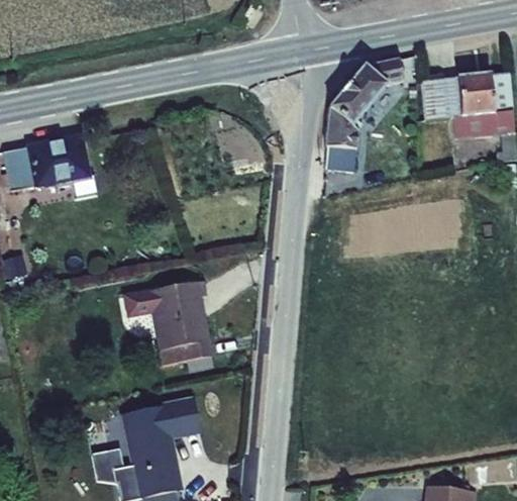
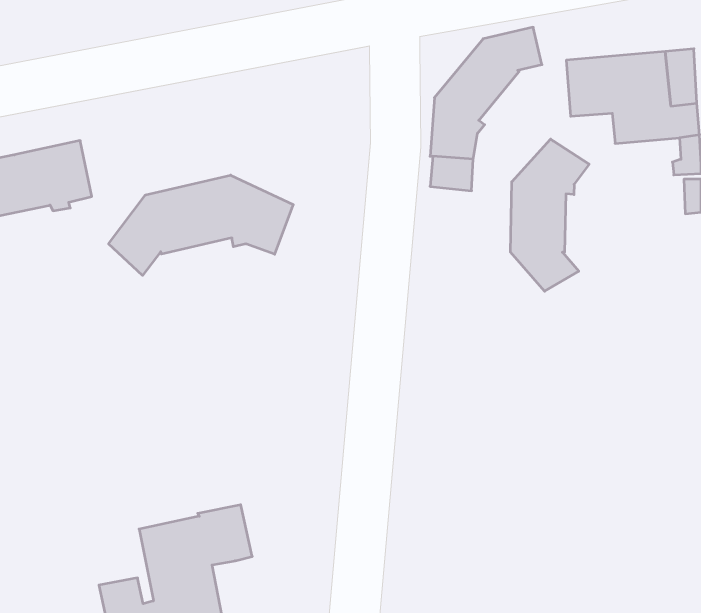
building: none -> [510,139,589,291]
building: none -> [109,175,293,275]
building: [122,279,213,366] -> none

